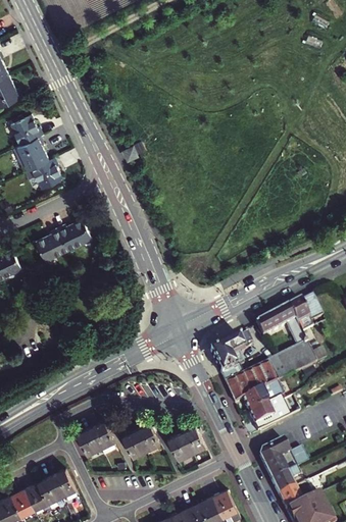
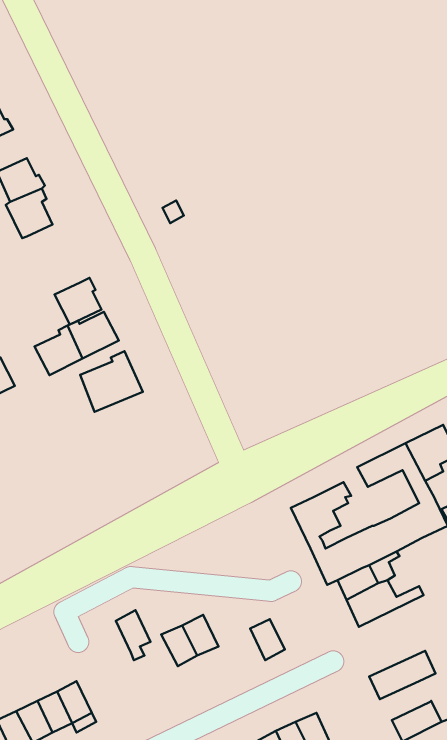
building: [32,156,63,188] -> [55,278,101,325]
building: none -> [80,351,143,412]
building: [78,427,102,455] -> none
building: [168,432,193,461] -> none
building: [255,437,290,465] -> none
building: [270,468,304,494] -> none

